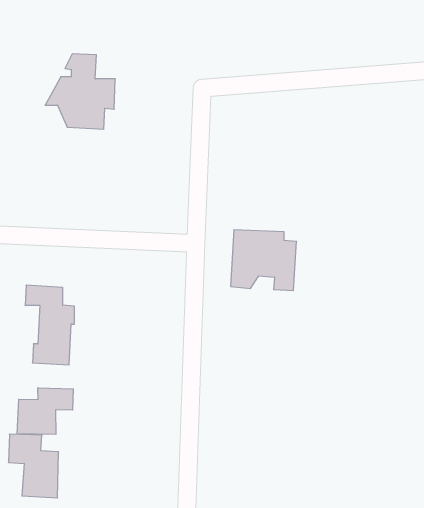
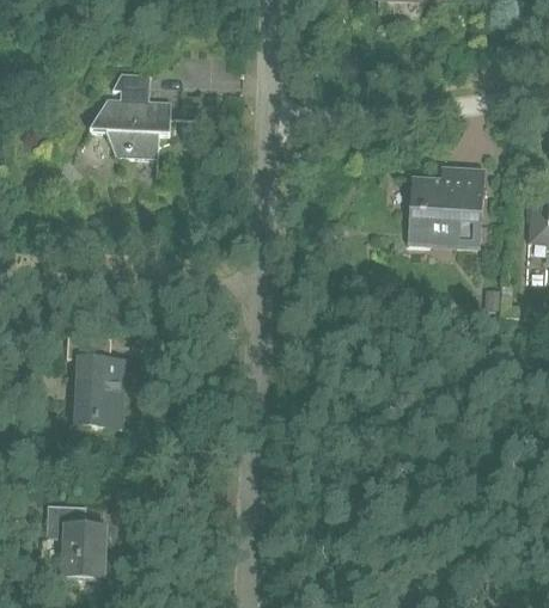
building: [231,230,297,291] -> [408,178,483,247]
building: [17,388,73,434] -> none

